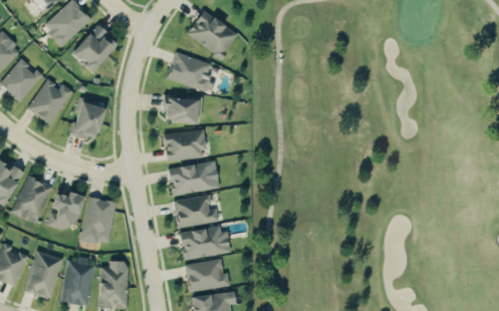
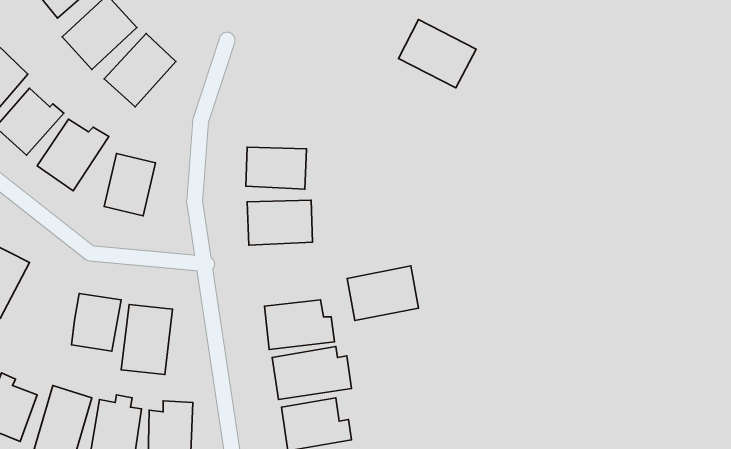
building: [186,12,236,56] -> [398,19,476,88]
building: [167,52,216,93] -> none
building: [167,162,213,197] -> [347,266,419,320]
building: [12,177,52,224] -> none

